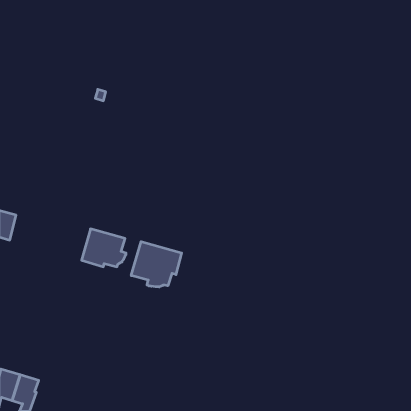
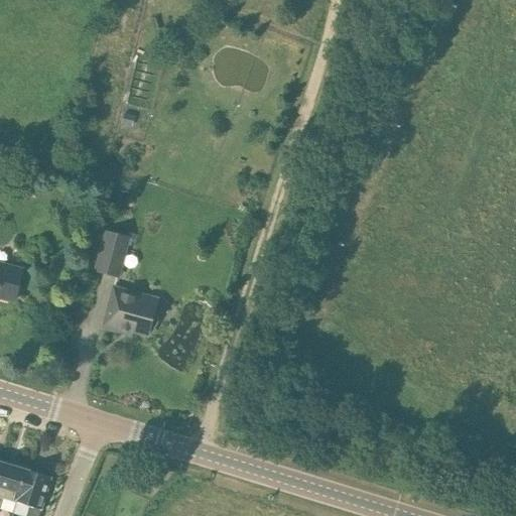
building: none -> [94,232,127,276]
building: [131,242,182,287] -> none

